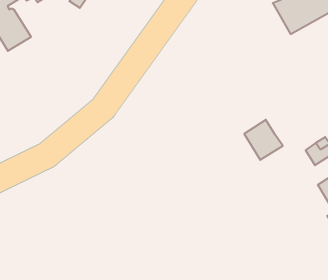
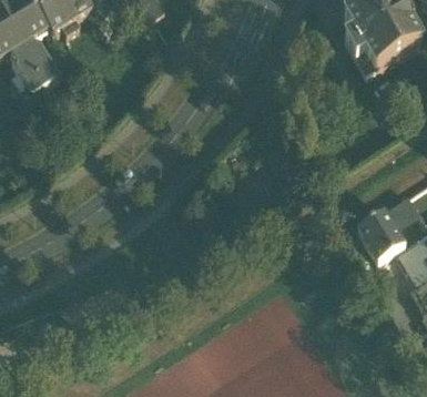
building: [244,120,283,160] -> [358,207,404,255]

